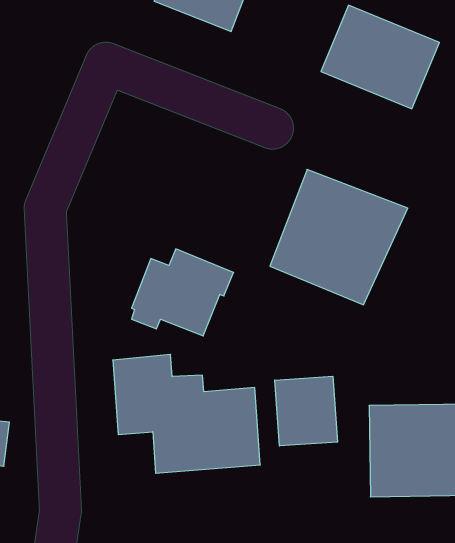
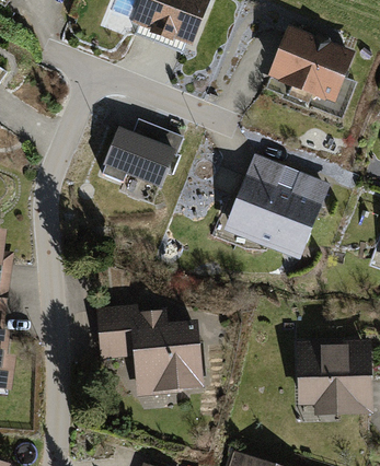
building: [132,249,234,336] -> [101,119,182,188]
building: [275,376,338,446] -> none

